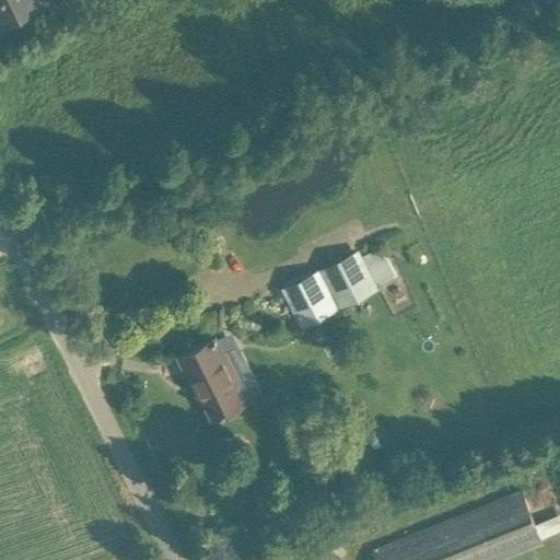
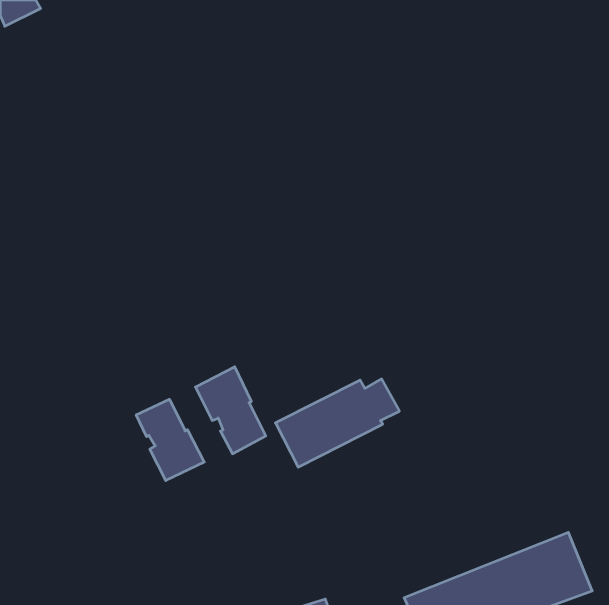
building: [280,249,394,330] -> [275,379,399,467]
building: none -> [136,399,204,481]

